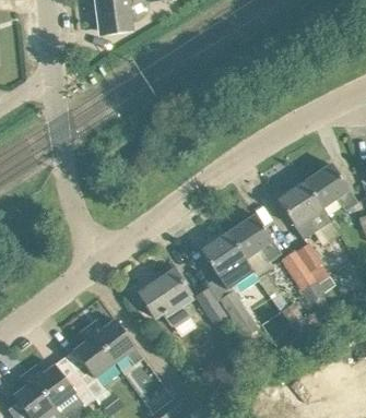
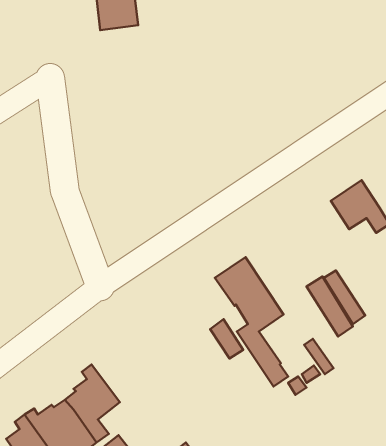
building: [278,181,329,238] -> none
building: [227,214,280,283] -> none
building: [138,267,192,325] -> none
building: [90,318,143,363] -> none

